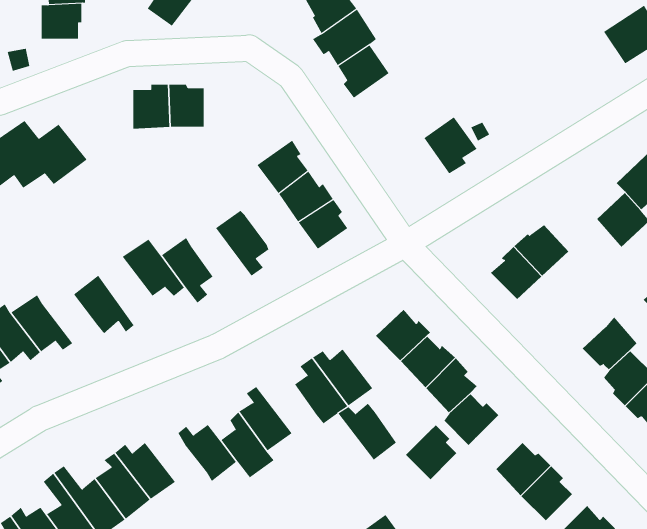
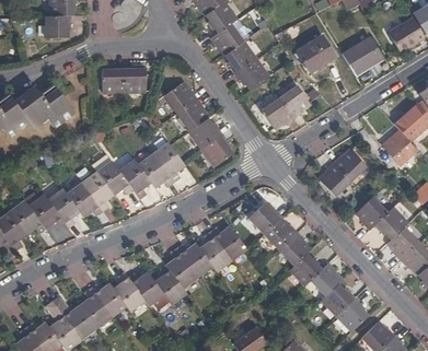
building: none -> [297,35,334,71]
building: none -> [342,37,382,74]
building: none -> [235,58,269,90]
building: none -> [163,81,198,114]
building: none -> [261,97,293,129]
building: none -> [137,152,173,187]
building: none -> [80,169,113,211]
building: none -> [46,187,79,226]
building: none -> [356,196,389,230]
building: [338,403,397,460] -> [176,242,212,277]
building: none -> [113,271,146,312]
building: [405,424,457,480] -> [310,261,342,295]

